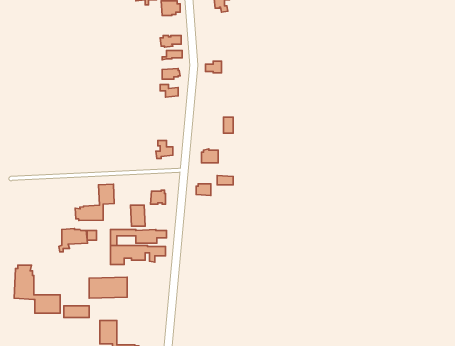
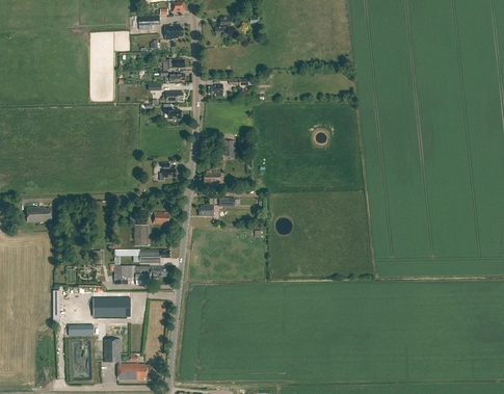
building: [75,184,114,221] -> none
building: [59,228,87,252] -> [24,206,52,229]
building: [14,265,60,313] -> none

